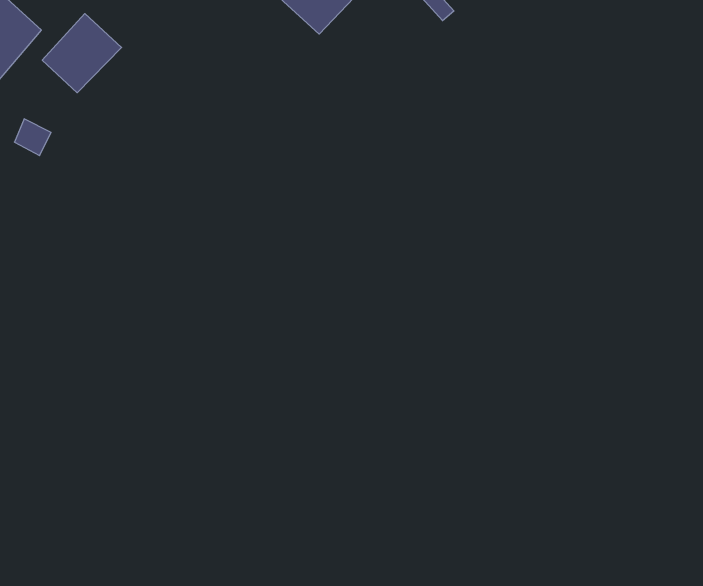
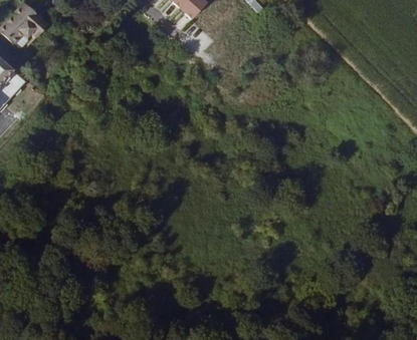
building: [42,14,122,93] -> none

